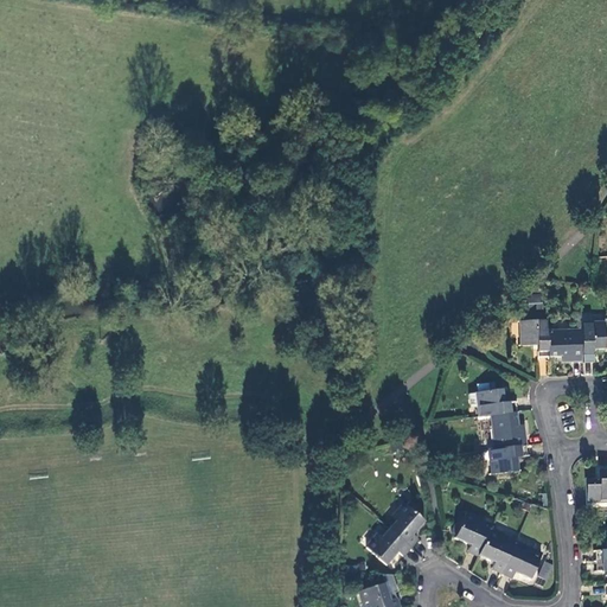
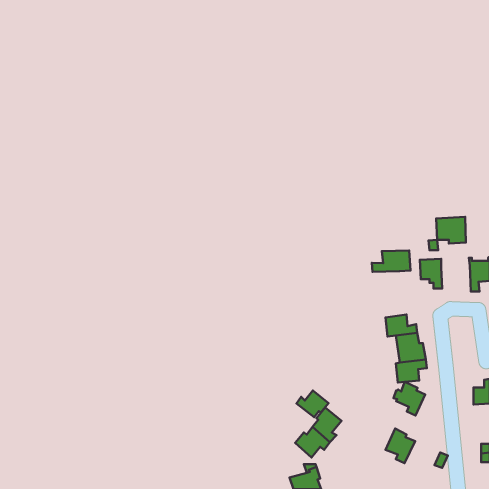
building: none -> [372,250,411,272]
building: [547,328,583,362] -> [436,217,466,244]
building: none -> [297,390,329,417]
building: [451,515,490,556] -> [393,382,425,415]
building: [501,545,542,579] -> none

